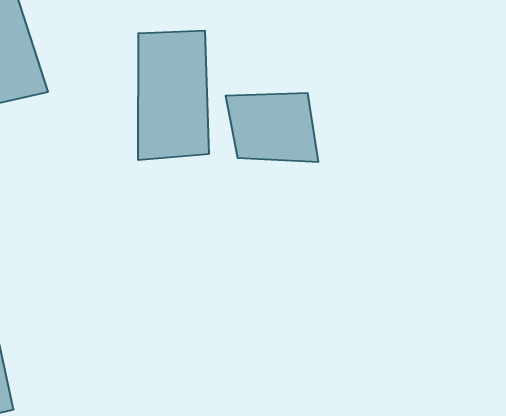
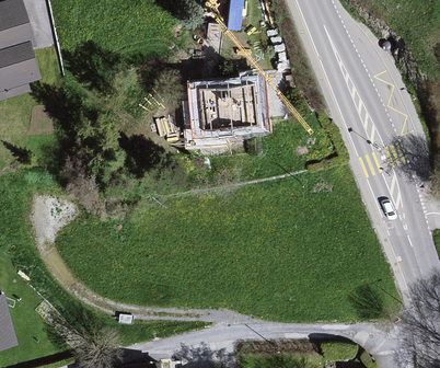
building: [138,31,209,160] -> none

